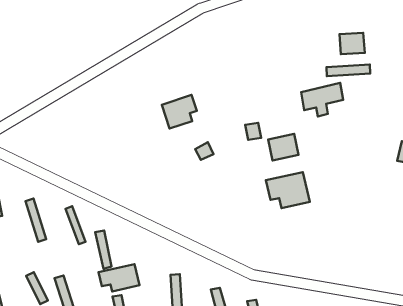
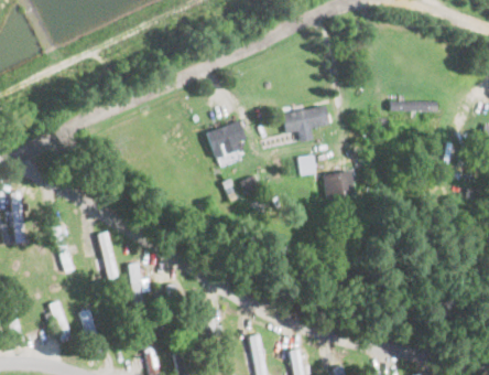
building: [339,33,365,54] -> none
building: [301,83,343,116] -> [283,106,328,141]
building: [266,172,310,208] -> none
building: [98,264,140,292] -> none

